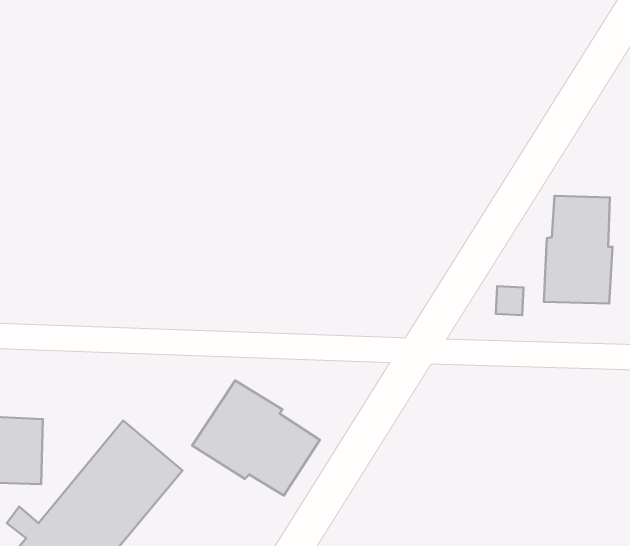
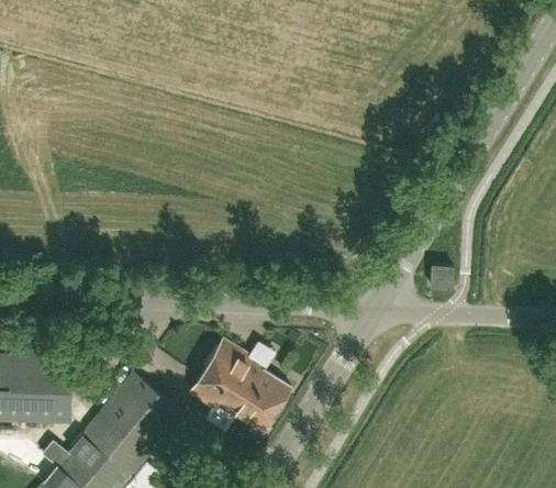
building: [544,196,612,304] -> none

